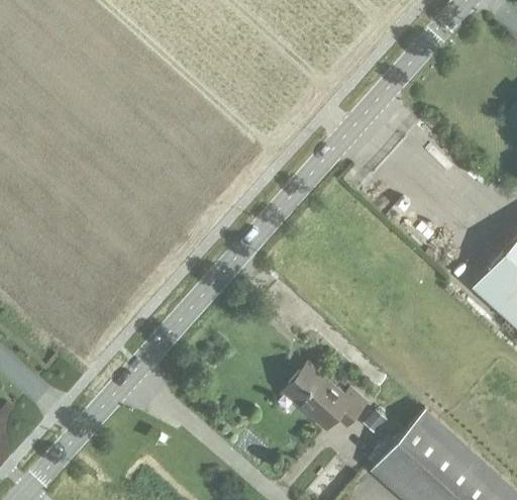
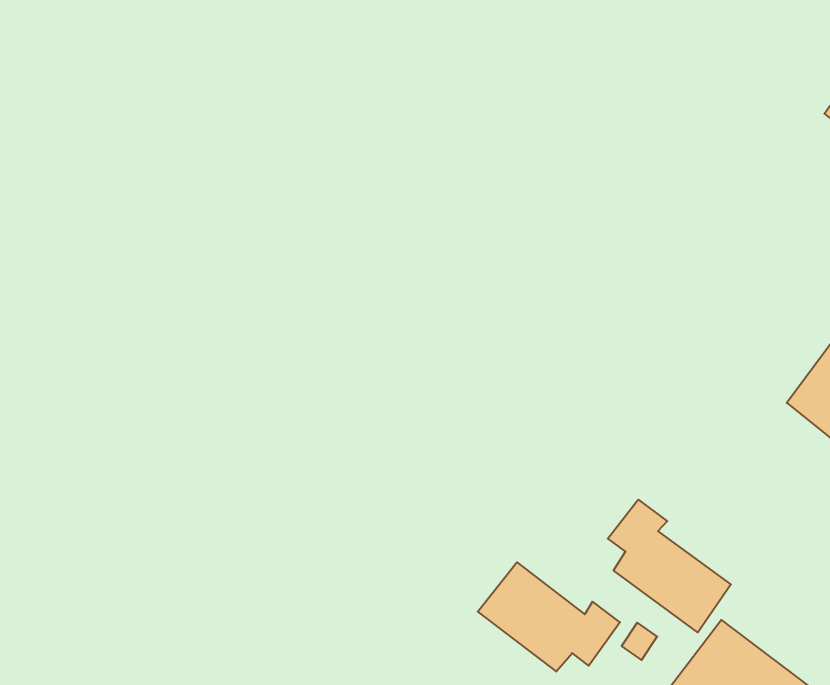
building: none -> [608,500,731,632]

